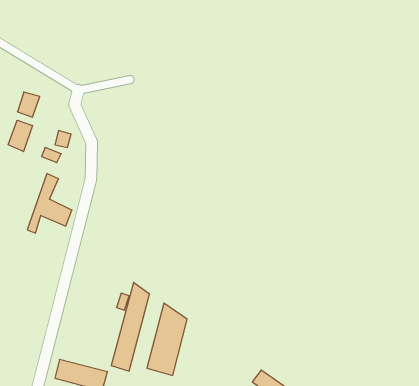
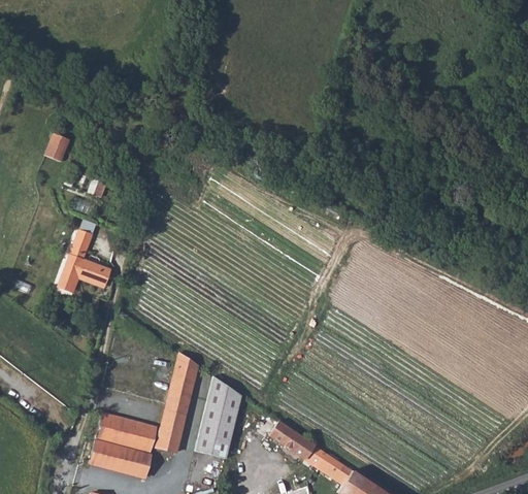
building: [8,120,33,152] -> none
building: none -> [96,413,156,452]
building: none -> [268,420,314,459]

